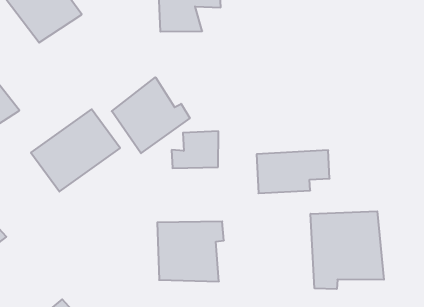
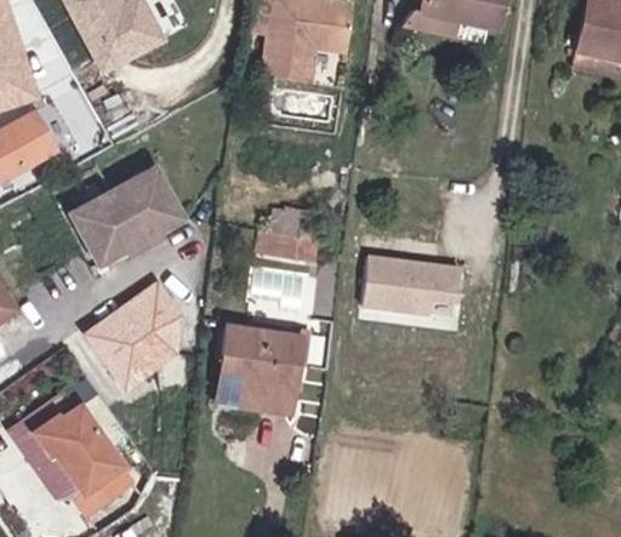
building: [112,77,190,153] -> none
building: none -> [76,278,183,392]
building: [311,211,384,289] -> none

